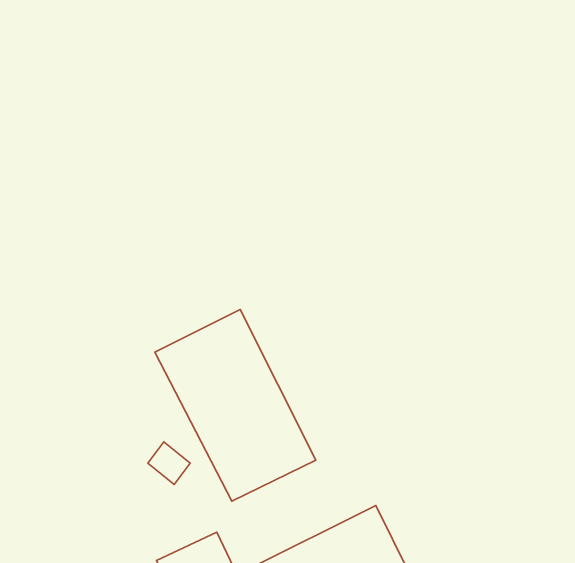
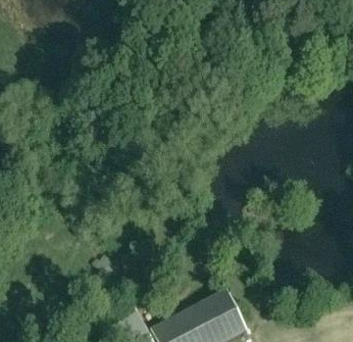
building: [155,309,316,501] -> none

